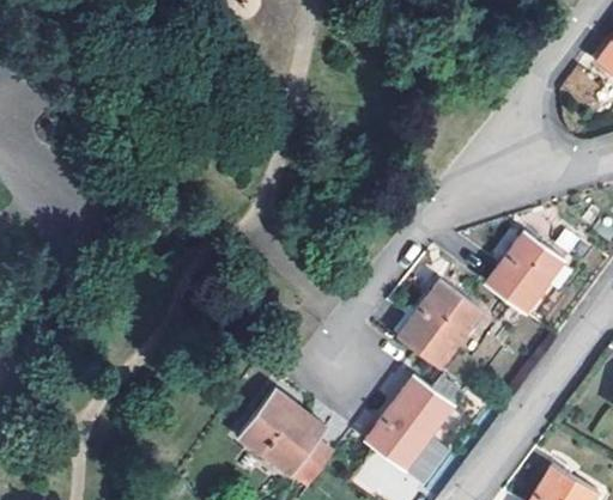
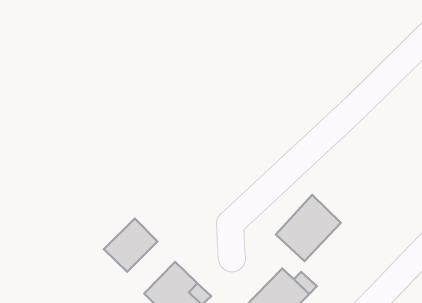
building: [484,232,559,310] -> none
building: none -> [104,219,158,272]

